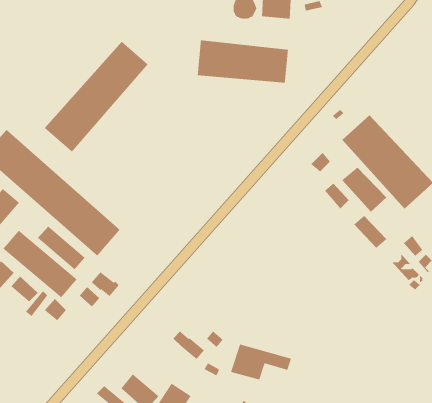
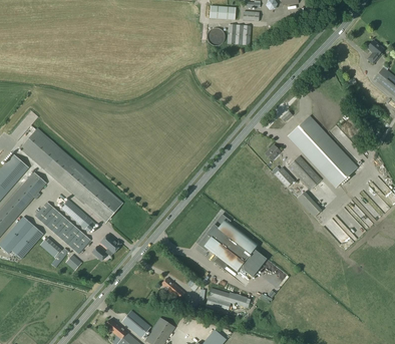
building: [197,40,288,83] -> none
building: [44,41,149,153] -> none
building: none -> [199,215,267,277]

